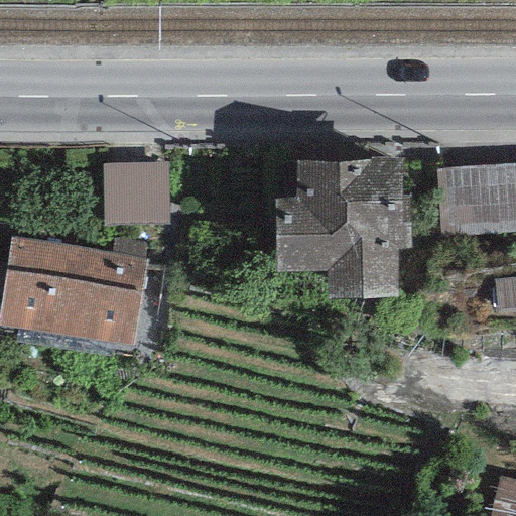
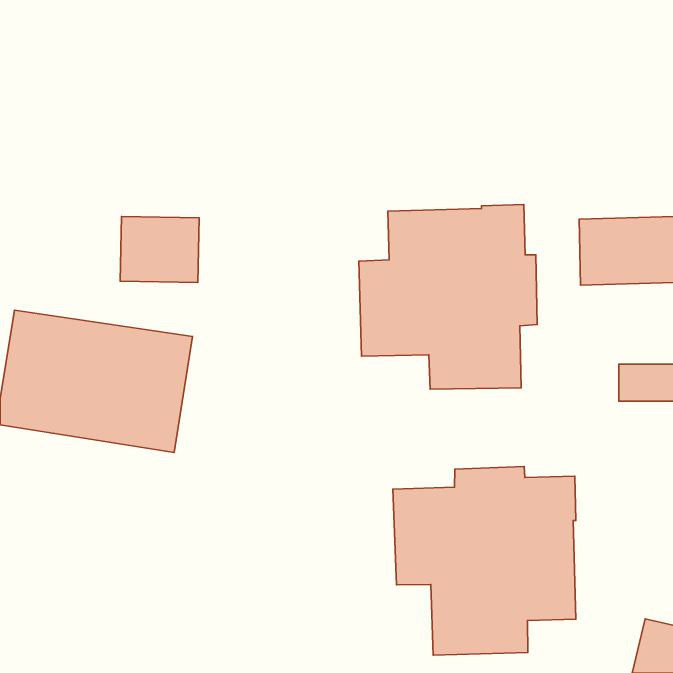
building: none -> [393,466,576,655]

